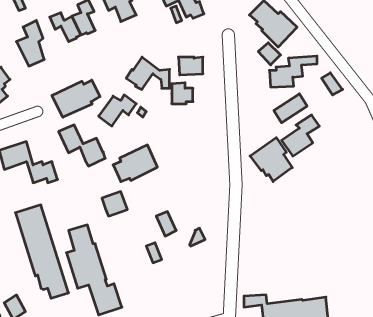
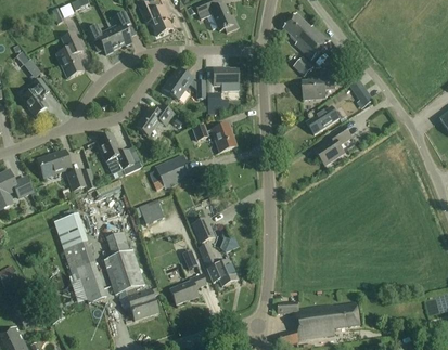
building: [52,80,100,117] -> none
building: none -> [194,122,236,153]
building: [250,138,292,182] -> none
building: none -> [199,243,238,286]
building: none -> [170,273,206,304]

